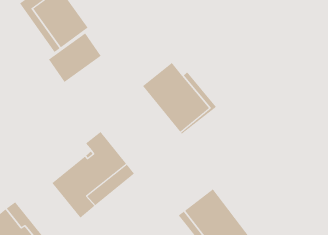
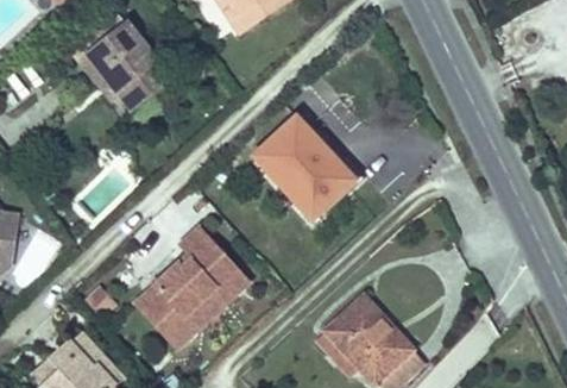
building: [48,33,101,83] -> none

